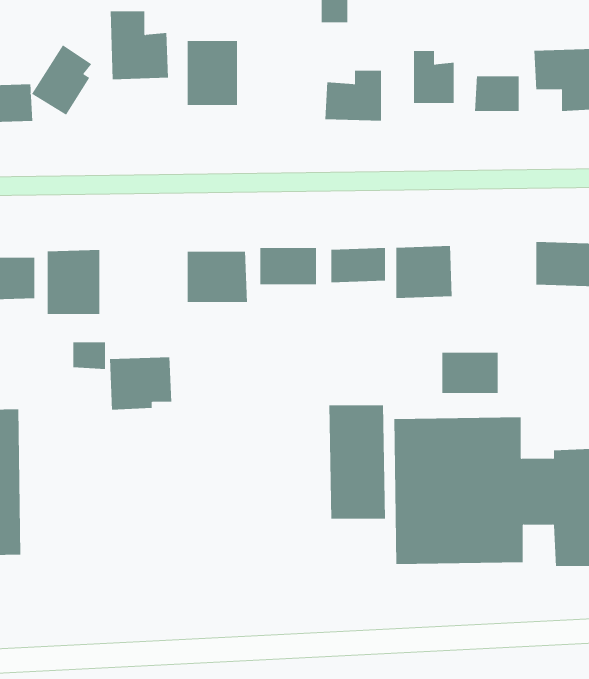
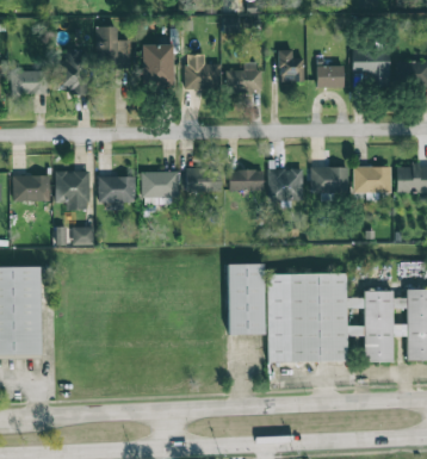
building: none -> [186,54,221,89]
building: [441,352,499,393] -> [314,167,348,192]
building: [109,357,172,410] -> [98,175,136,207]

